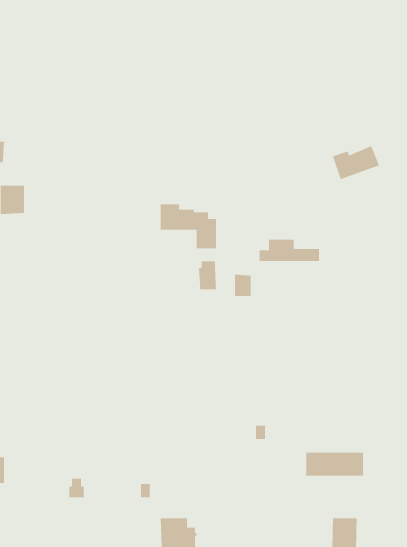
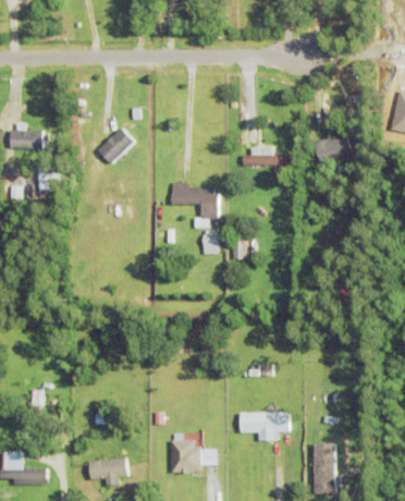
building: none -> [96,126,132,161]
building: [259,239,320,262] -> [243,146,293,164]
building: [305,452,364,476] -> [241,413,289,432]

